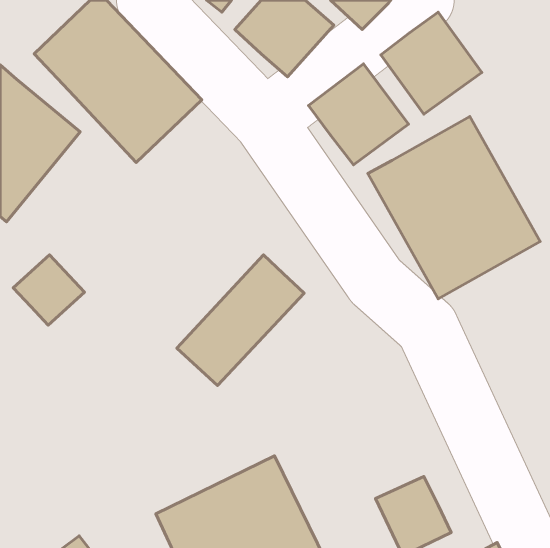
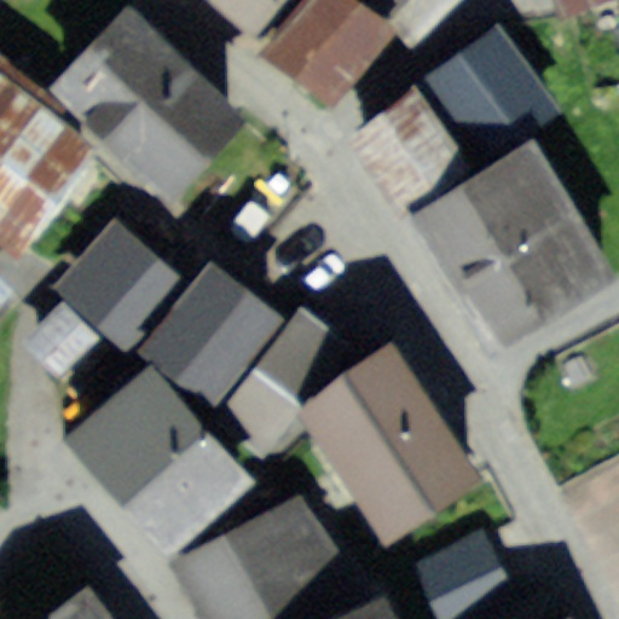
building: none -> [54,206,175,326]
building: none -> [128,256,267,398]
building: none -> [295,343,481,542]
building: none -> [80,387,258,568]

